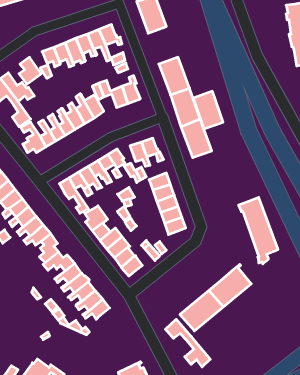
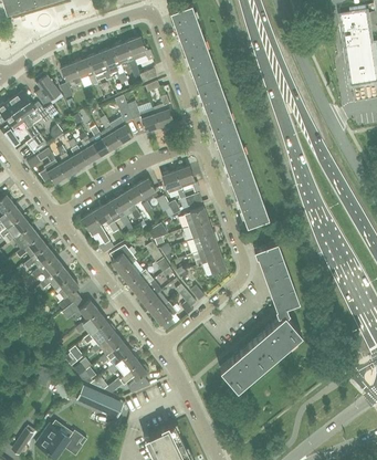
building: none -> [182,39,217,82]
building: [193,91,223,129] -> [233,181,268,224]
building: [239,197,278,264] -> [253,241,299,317]
building: none -> [118,362,149,393]
building: [165,319,210,367] -> none
building: none -> [77,386,121,417]

